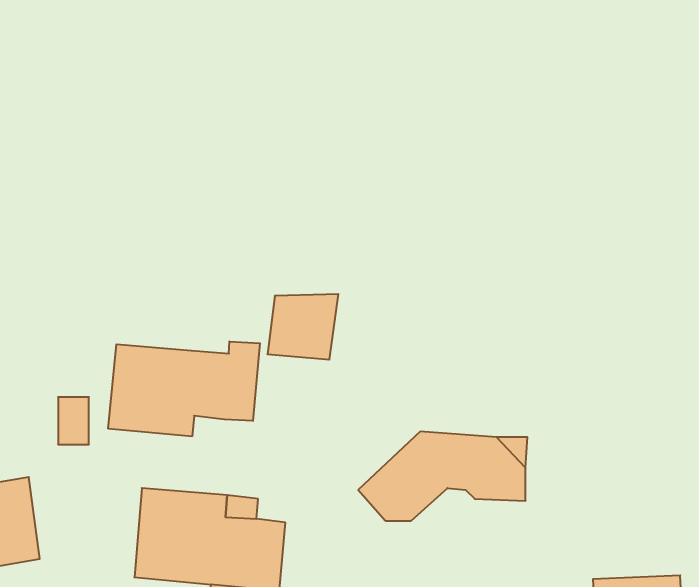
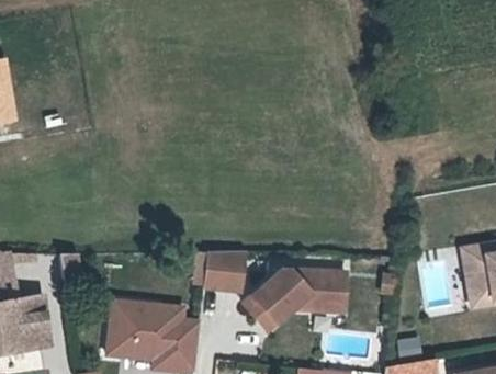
building: [267,294,338,360] -> [201,250,244,290]
building: [108,341,260,436] -> none

